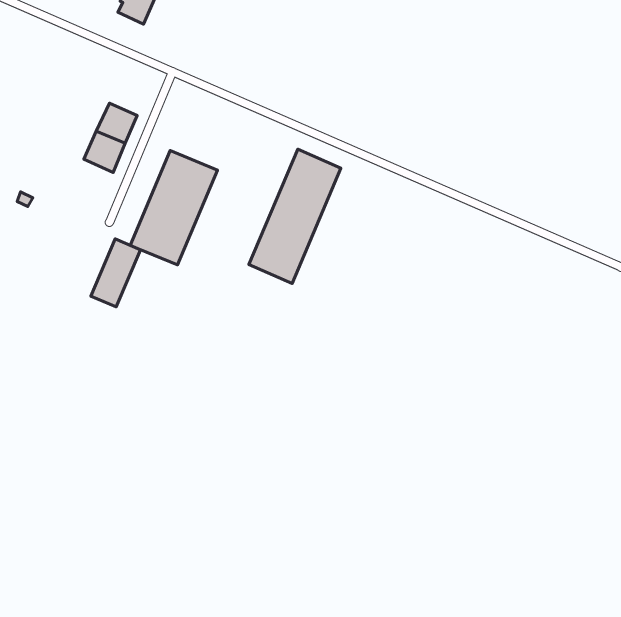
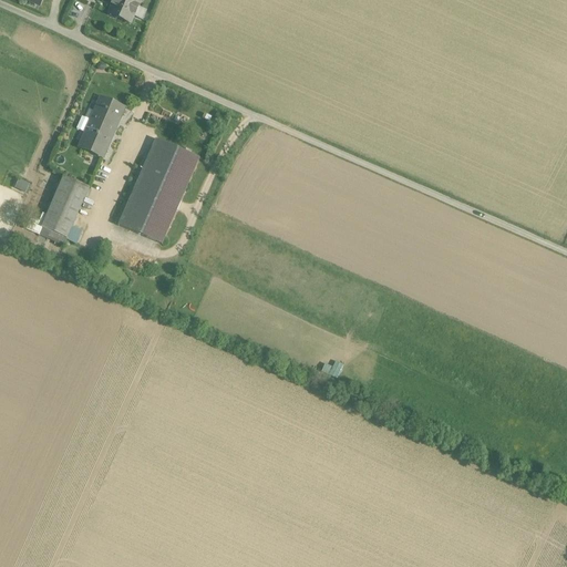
building: [249,149,341,283] -> none
building: [91,239,141,307] -> [43,176,89,238]

